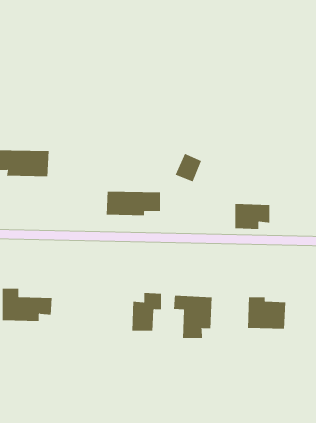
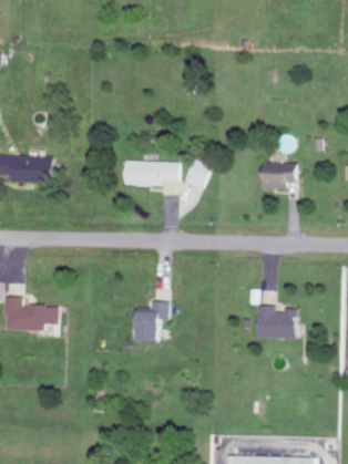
building: [106,191,161,216] -> [122,161,178,186]
building: [234,204,270,230] -> [260,163,297,189]
building: [173,295,212,339] -> none

